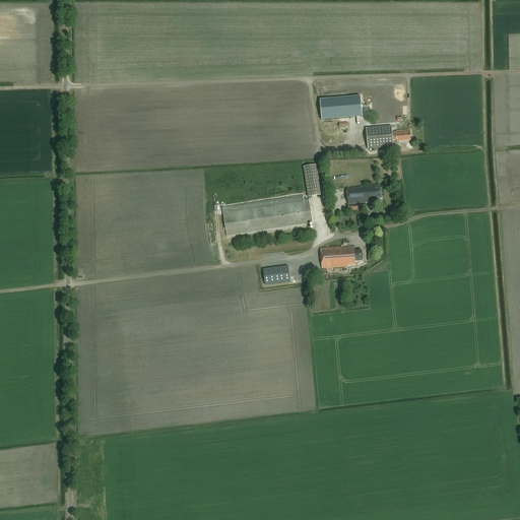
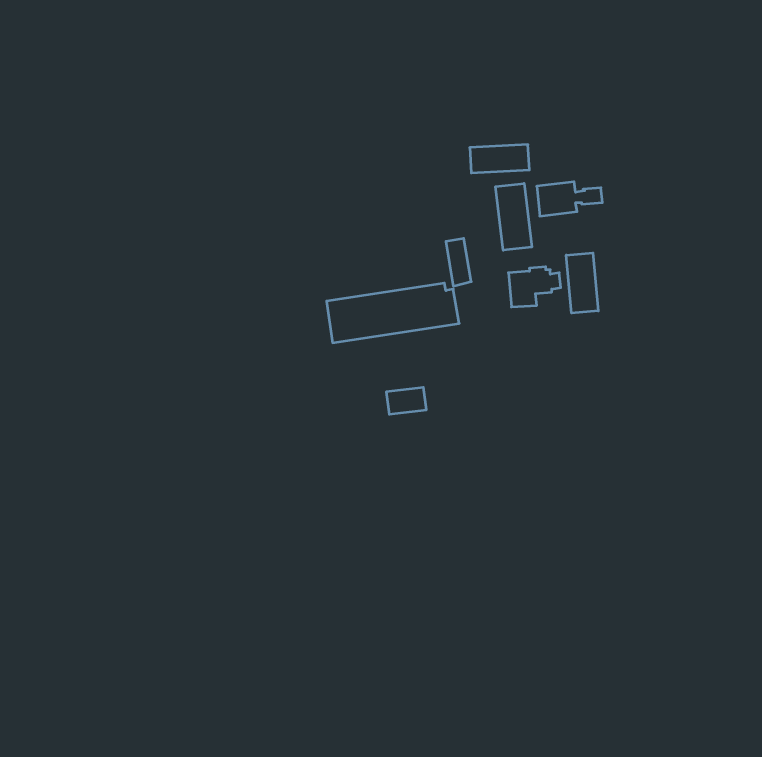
building: none -> [496,183,532,250]
building: none -> [566,253,598,313]
building: [321,244,363,268] -> none

